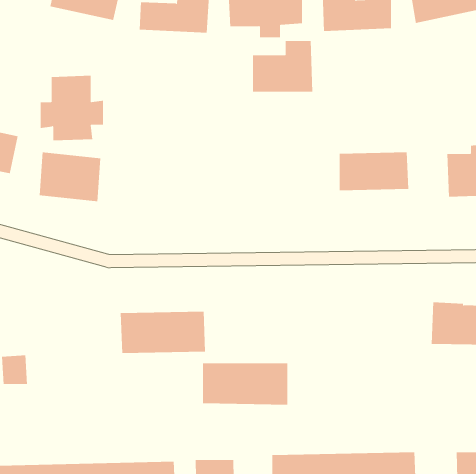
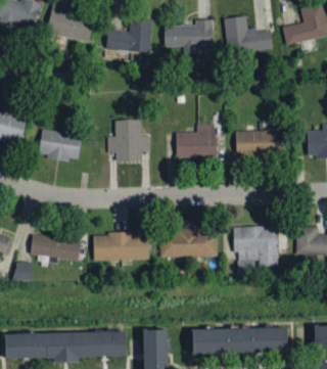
building: [252,41,313,92] -> [176,123,216,156]
building: [40,75,104,141] -> [107,119,149,162]
building: none -> [234,226,277,267]
building: none -> [30,233,81,261]
building: [202,363,288,405] -> [160,230,217,258]

